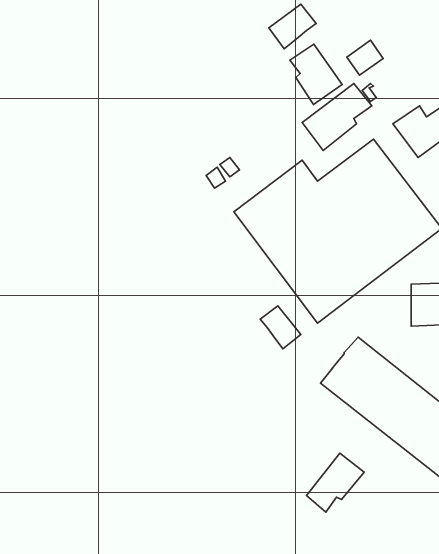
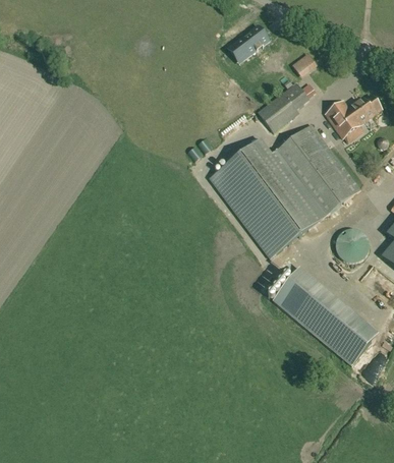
building: [290,44,342,105] -> none
building: [260,306,301,349] -> none
building: [306,453,364,512] -> none

